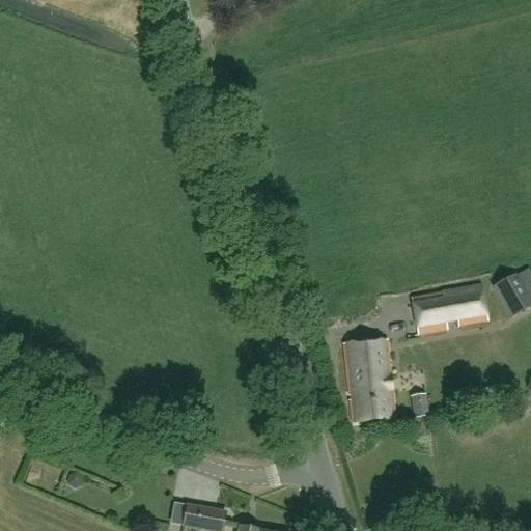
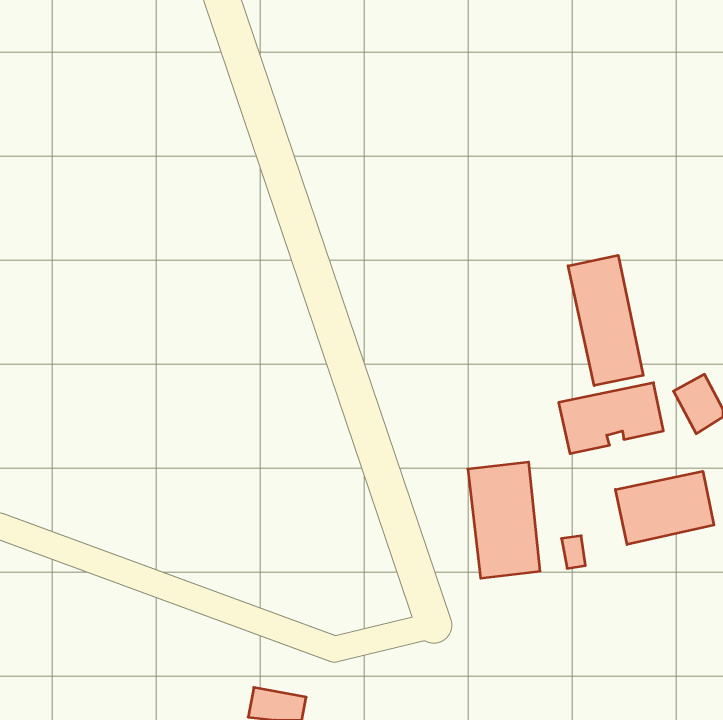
building: none -> [568,255,643,386]
building: none -> [615,471,714,545]

